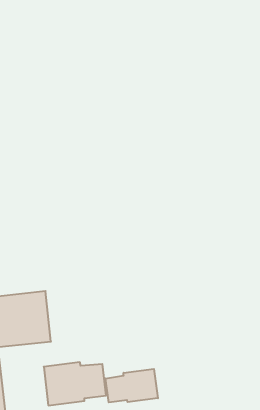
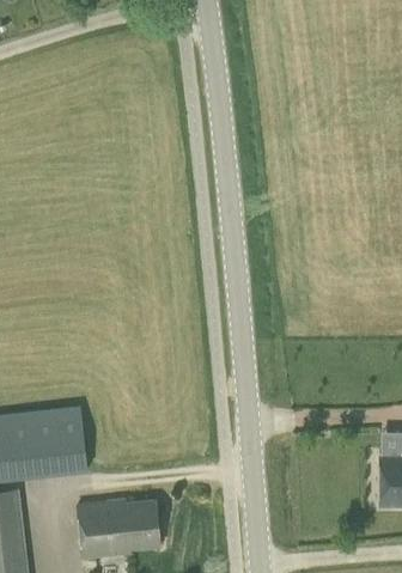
building: [105,369,158,402] -> none

